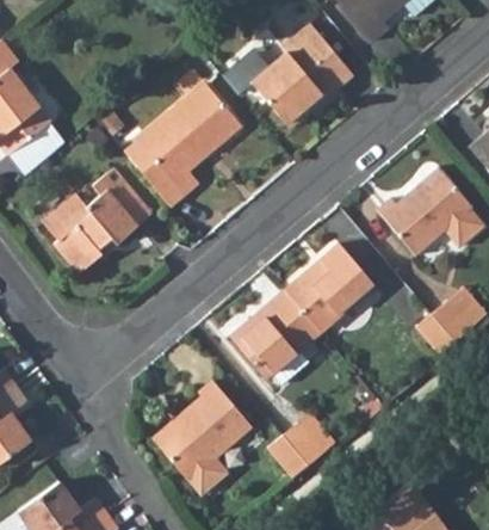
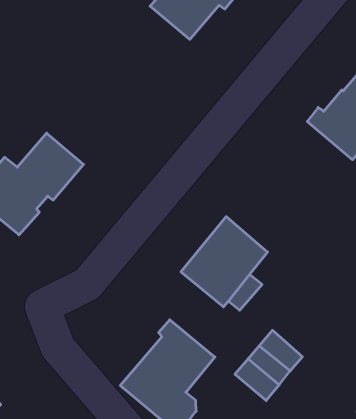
building: [138,84,240,197] -> none
building: [283,247,371,333] -> none

